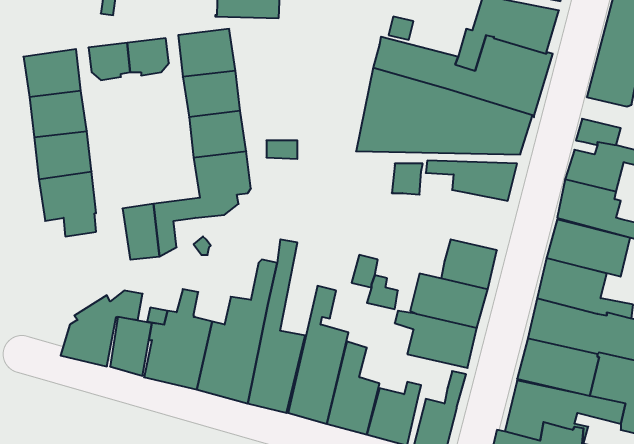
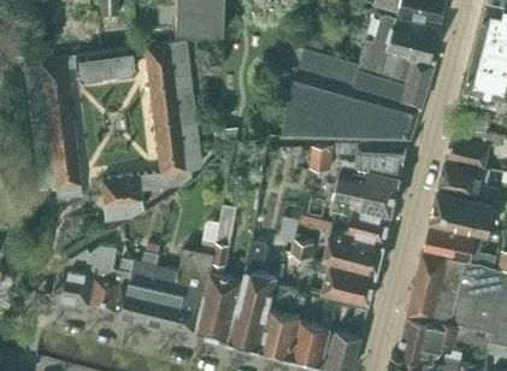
building: none -> [336,165,401,213]

